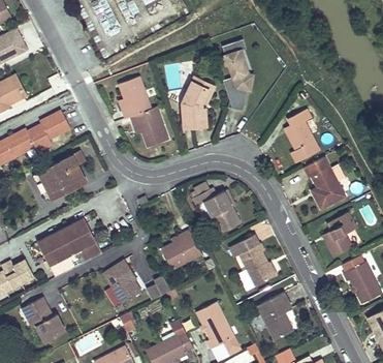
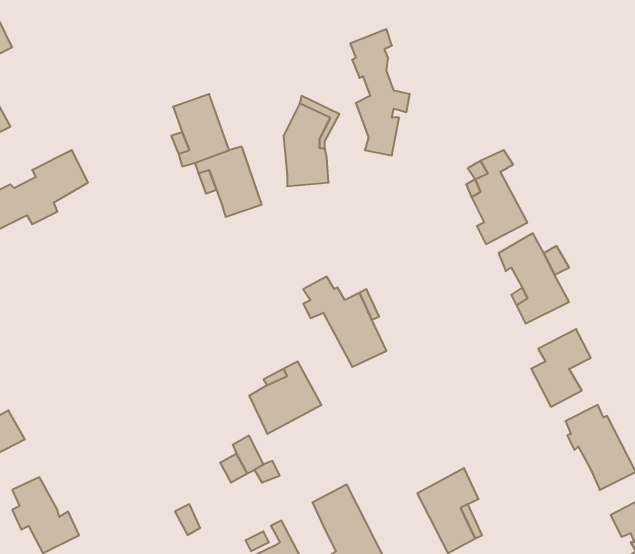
building: [37,152,85,200] -> none
building: [36,220,101,277] -> none
building: [230,235,275,285] -> none
building: [102,259,139,303] -> none

